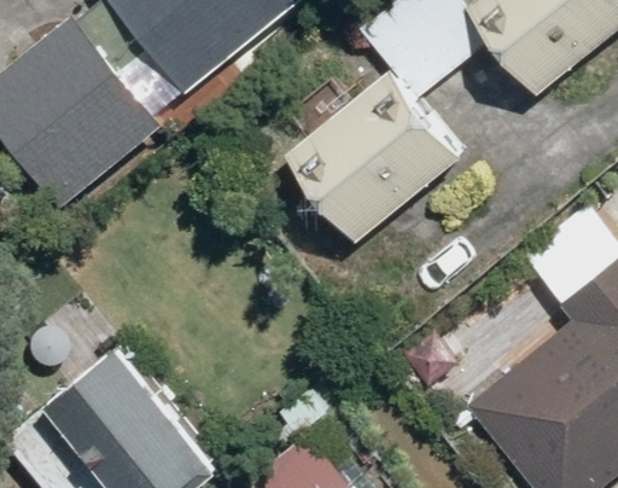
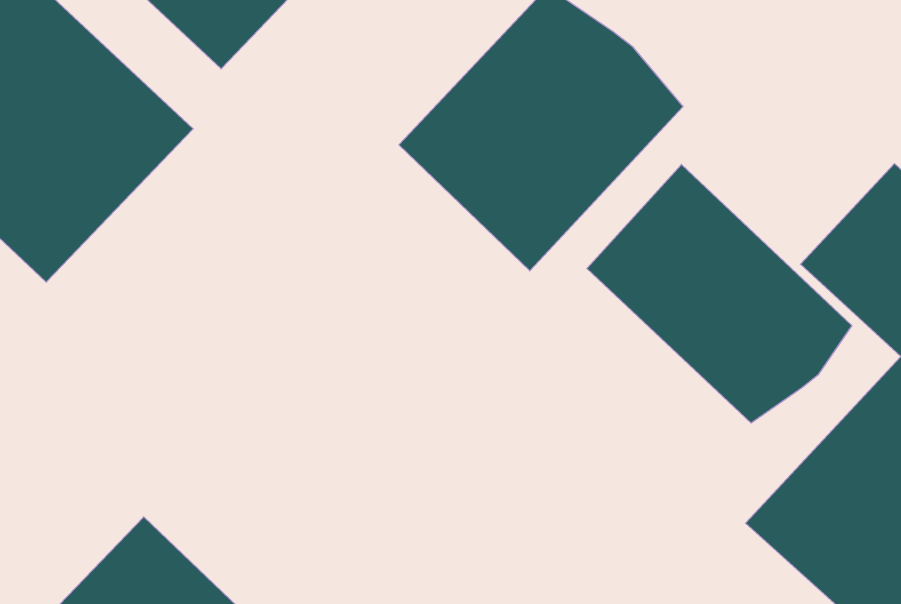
building: none -> [587,164,852,423]

